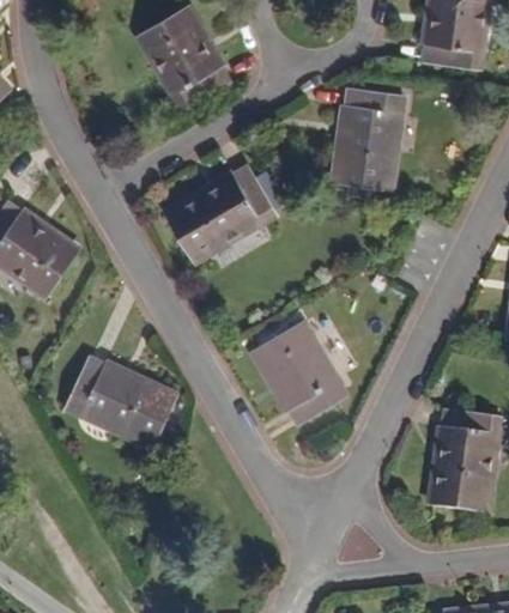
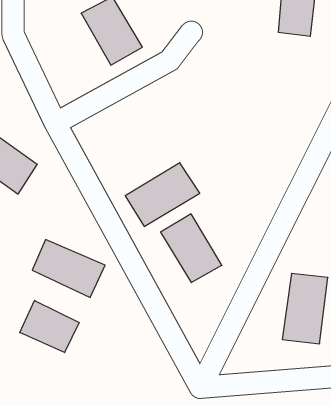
building: [337,89,401,187] -> none
building: [168,165,275,257] -> [125,163,200,226]
building: none -> [20,300,79,353]

